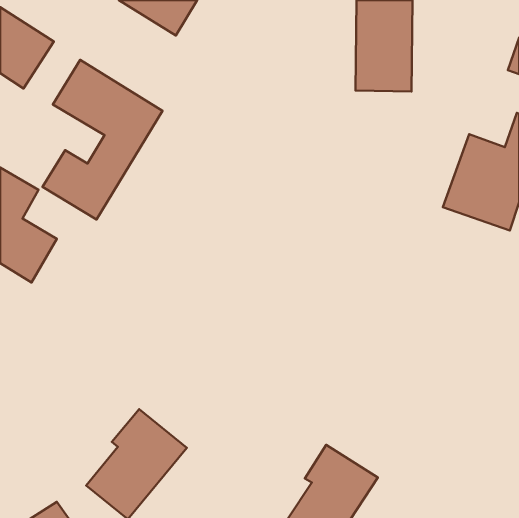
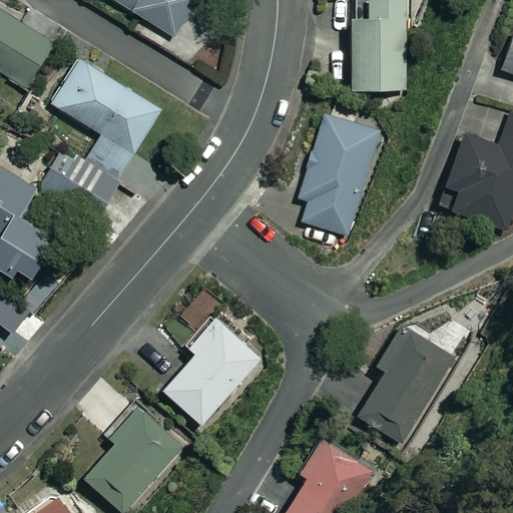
building: none -> [298,115,383,237]
building: none -> [162,320,261,426]
building: none -> [357,324,455,443]

